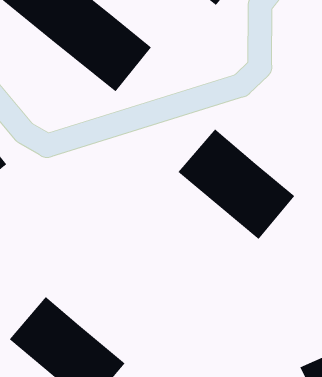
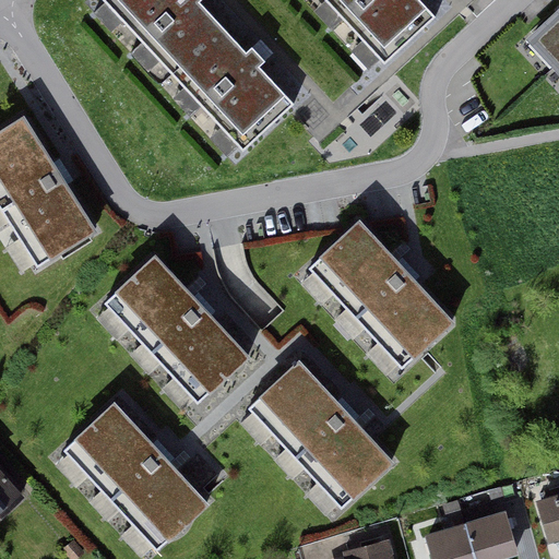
building: none -> [108,258,248,402]
building: none -> [249,358,390,504]

